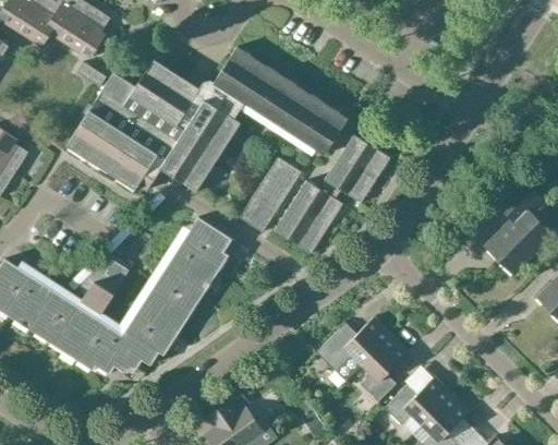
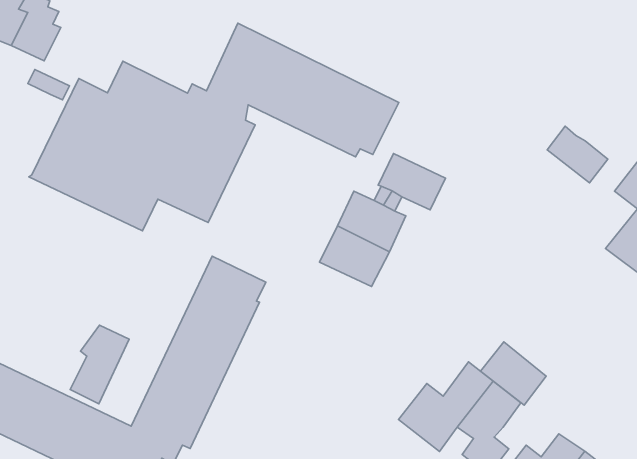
building: [339,134,389,179] -> none
building: none -> [547,126,608,183]
building: [239,157,301,230] -> none
building: none -> [480,342,546,405]

